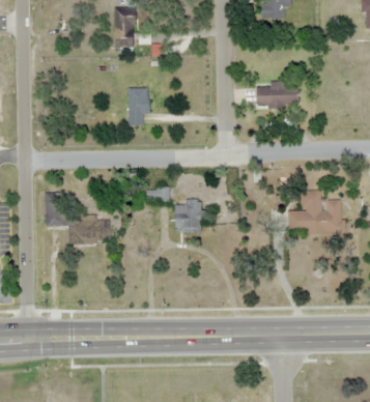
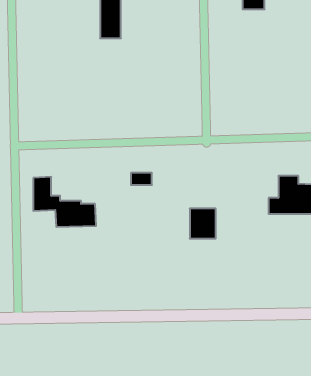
building: [256,82,300,108] -> none
building: [130,88,149,125] -> none
building: [175,201,202,232] -> [190,209,216,239]

